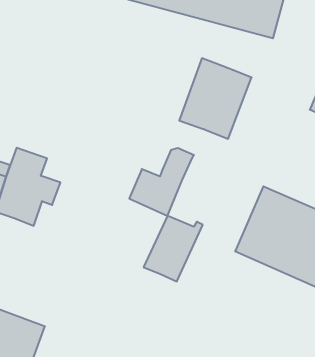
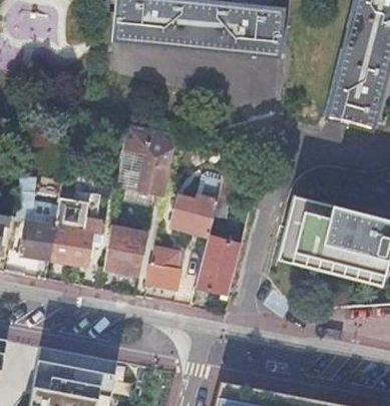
building: [179,58,252,139] -> [117,125,177,195]
building: none -> [103,229,148,277]
building: none -> [147,245,181,290]

